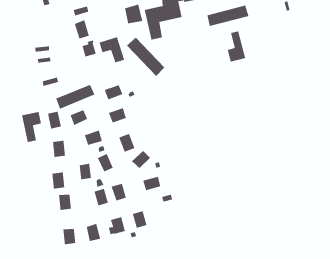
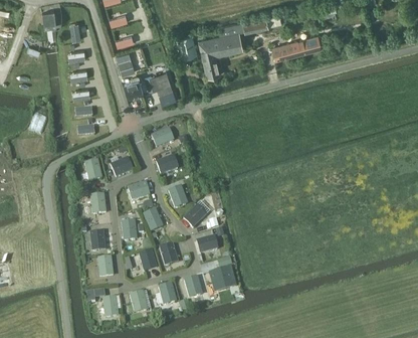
building: [227,30,246,63] -> none
building: [126,37,165,77] -> none
building: [55,84,96,110] -> none
building: [21,111,42,143] -> none
building: none -> [210,267,234,290]

